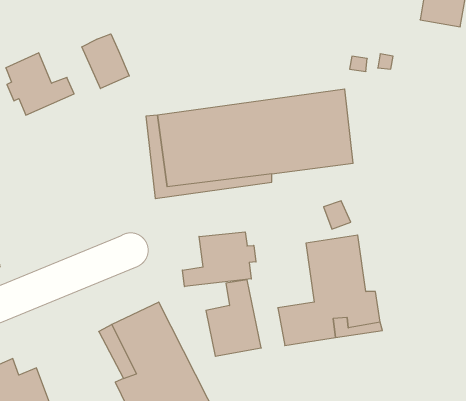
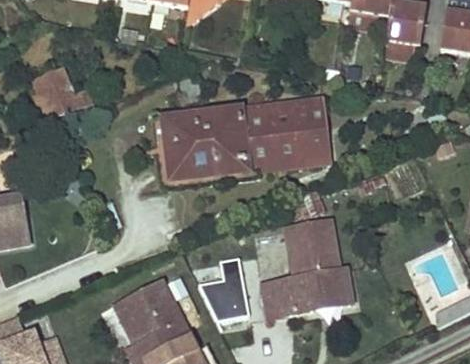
building: [82,34,129,89] -> none
building: [182,232,256,287] -> none

